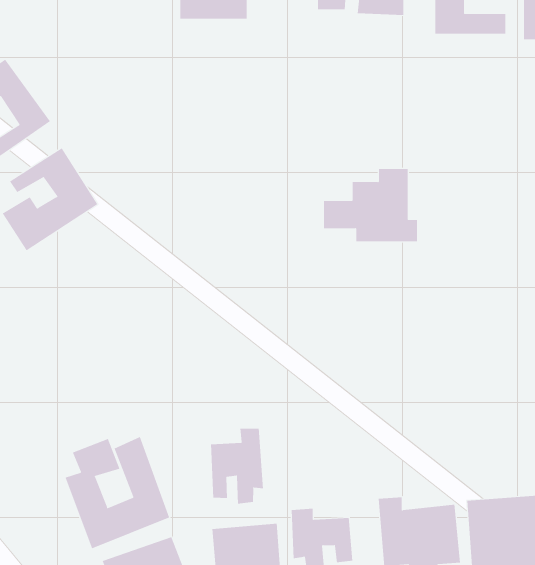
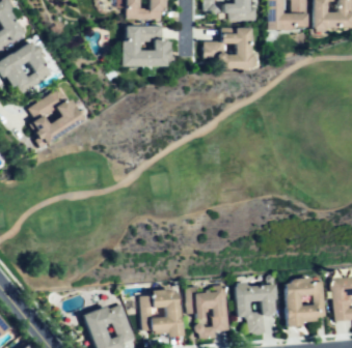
building: none -> [121,26,168,65]
building: [323,168,418,242] -> [205,25,256,65]
building: [211,428,264,504] -> none
building: [65,436,170,549] -> none

